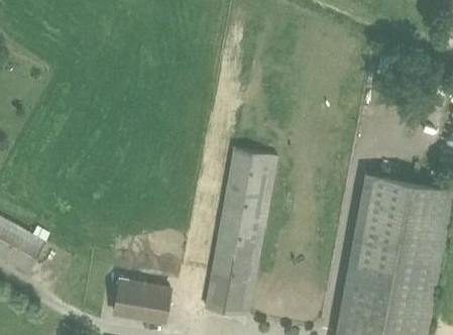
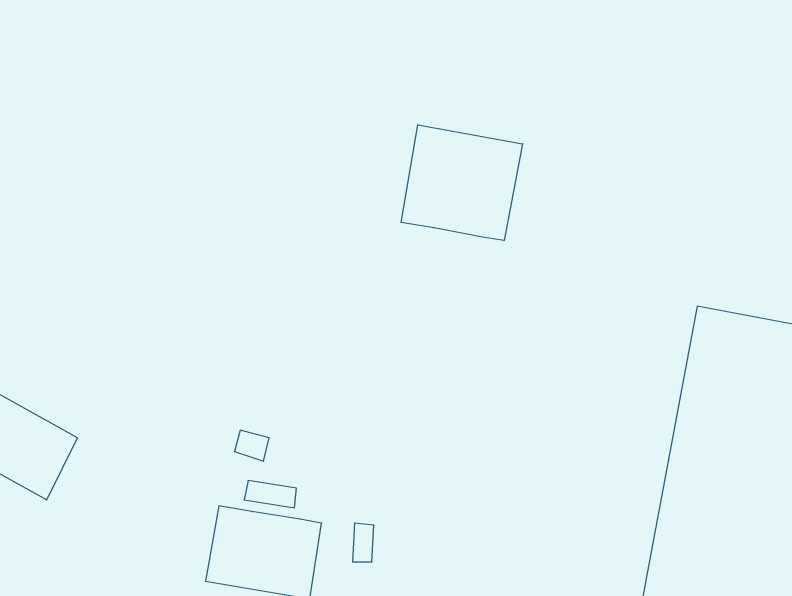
building: none -> [401,125,523,241]
building: [204,148,277,317] -> none

